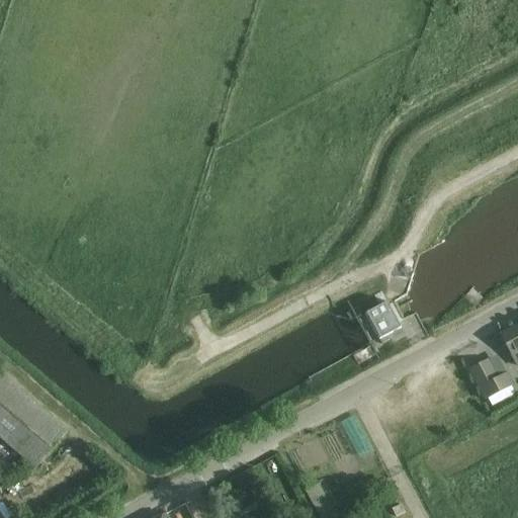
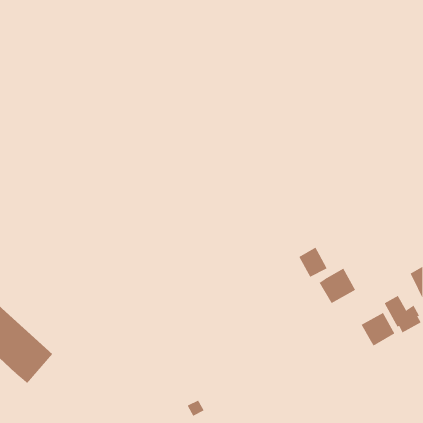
building: none -> [319,268,356,304]
building: none -> [361,312,395,347]

